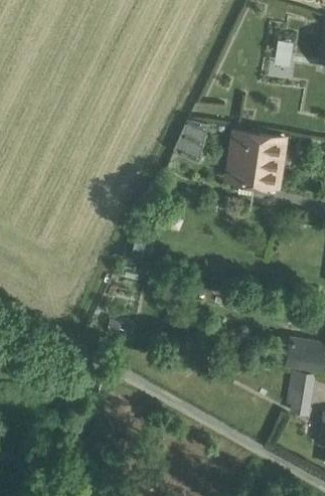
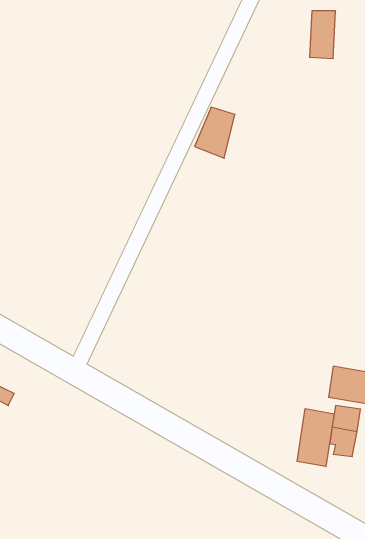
building: [231,131,284,185] -> none
building: none -> [297,409,334,467]

